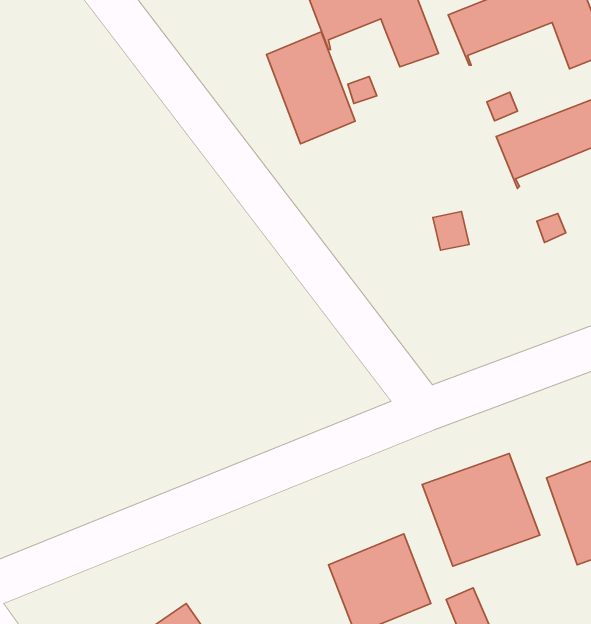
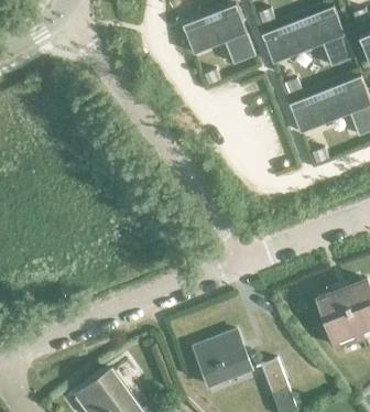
building: [266,32,355,144] -> none
building: [422,453,540,566] -> none

